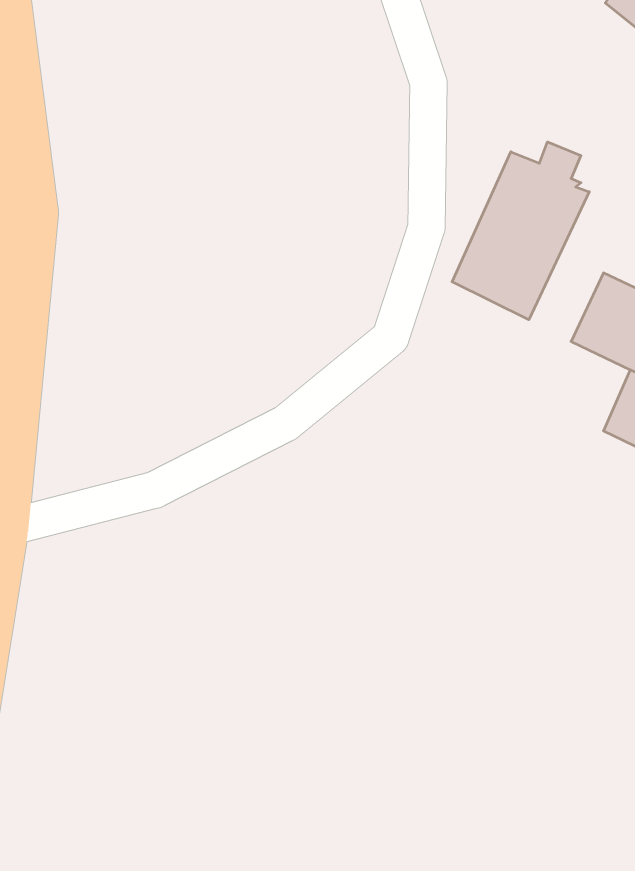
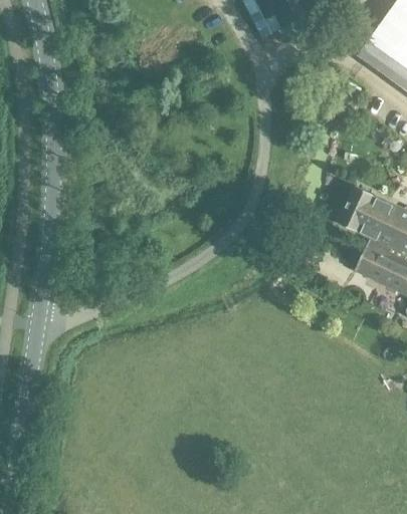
building: [452,142,589,320] -> none

